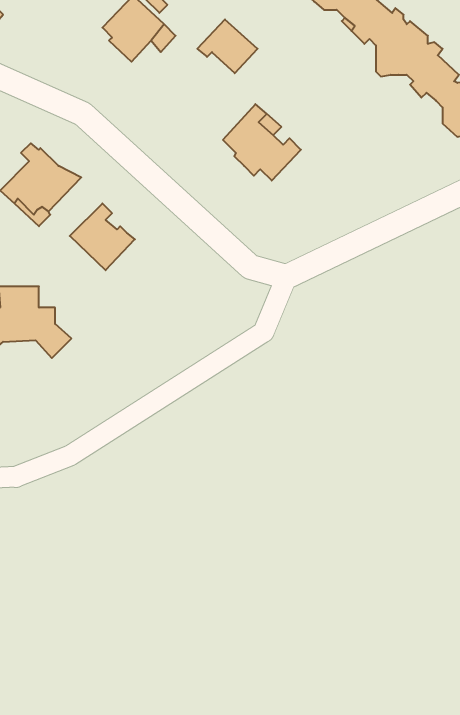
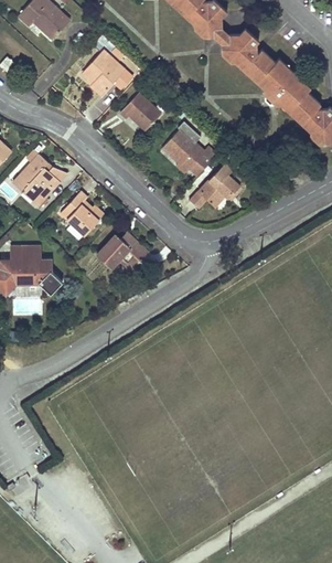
building: [197,19,258,73] -> [120,93,161,129]
building: none -> [190,162,246,209]
building: none -> [97,232,148,270]

